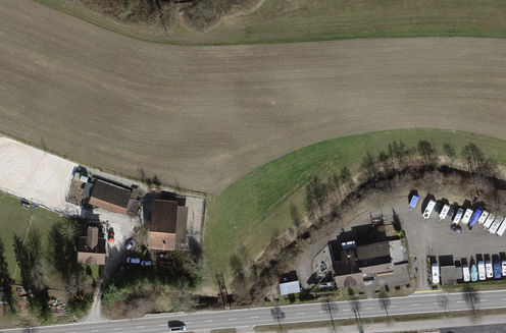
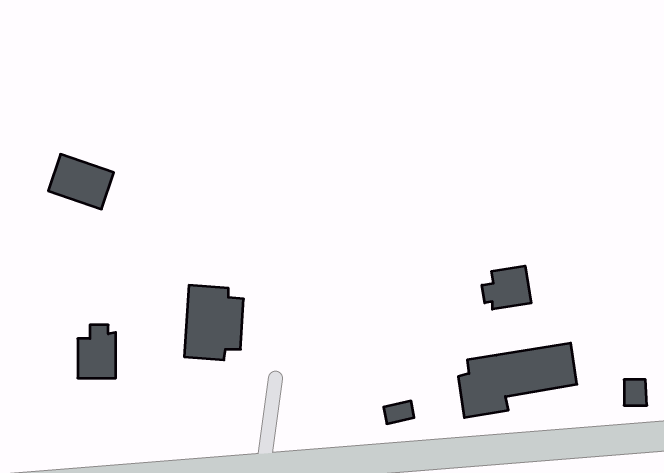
building: [89,180,133,217] -> [48,154,114,209]
building: none -> [482,266,531,309]

